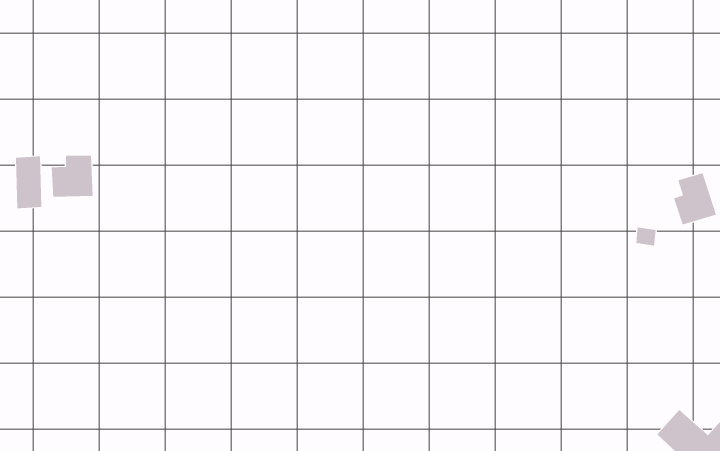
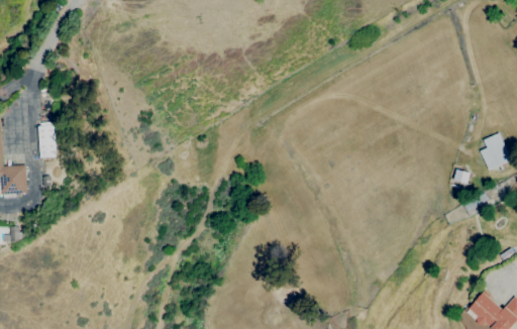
building: [51,155,93,198] -> none

